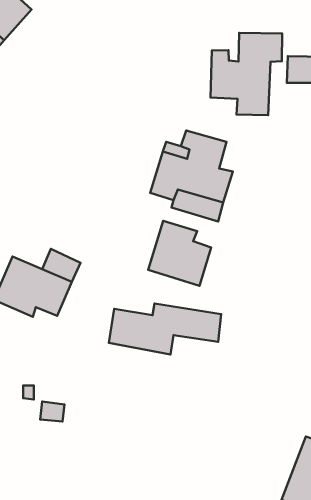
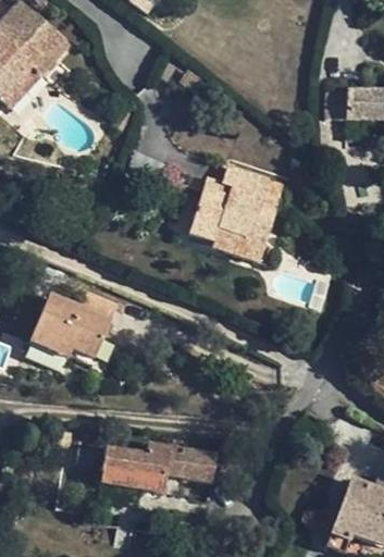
building: [210,33,282,115] -> none
building: [148,221,211,286] -> none
building: [109,304,221,354] -> [101,440,216,492]

